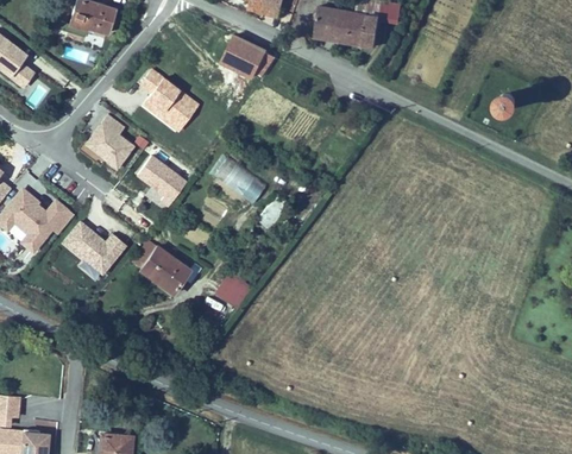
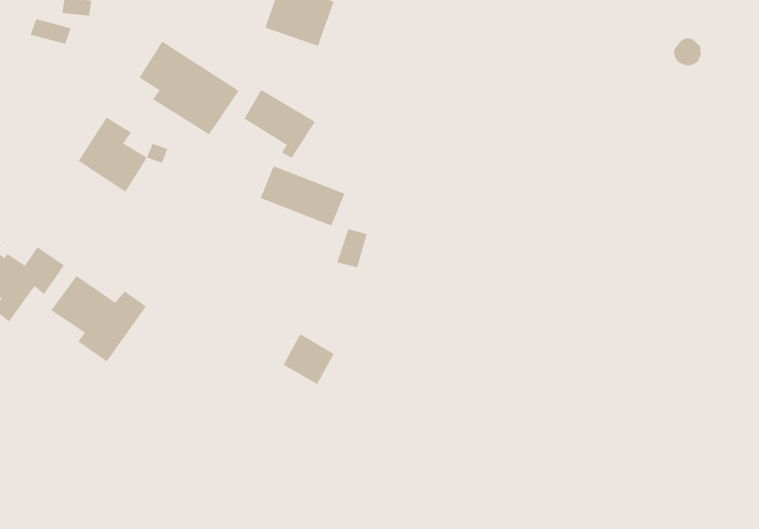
building: [138,156,187,204] -> [244,89,316,159]
building: [139,245,191,294] -> none

